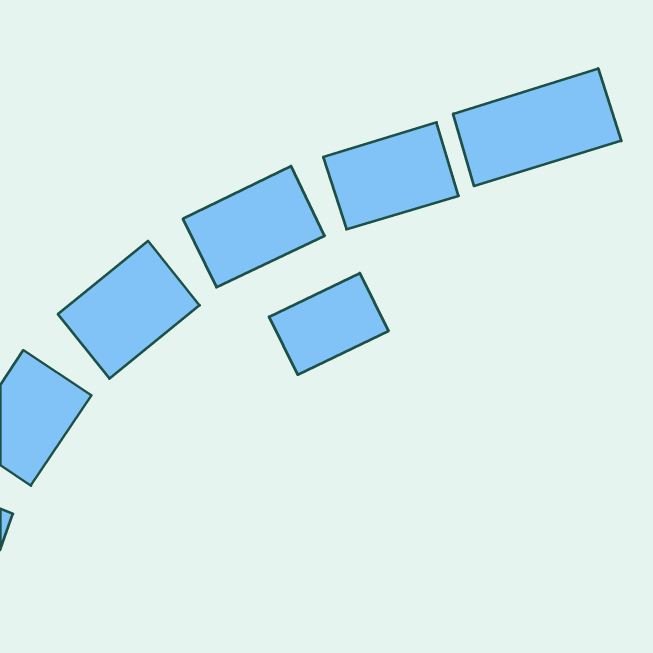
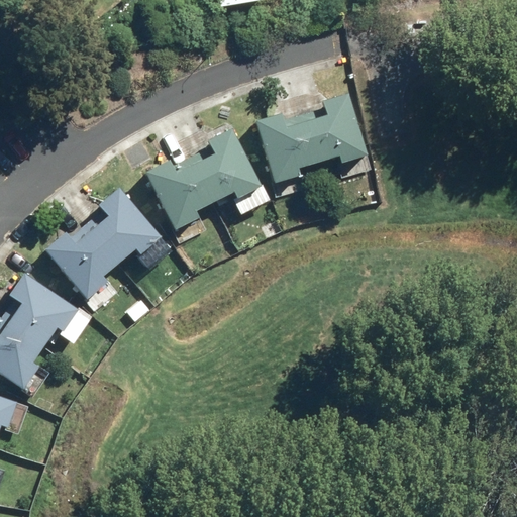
building: [453,68,621,186] -> none
building: [269,273,388,375] -> none

